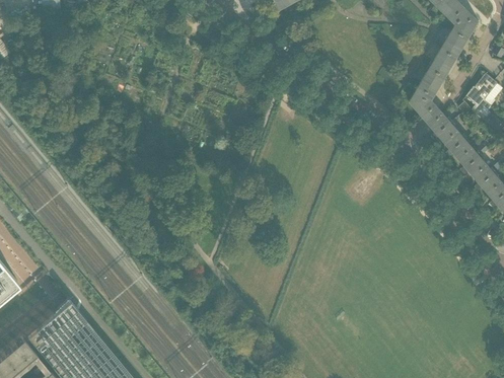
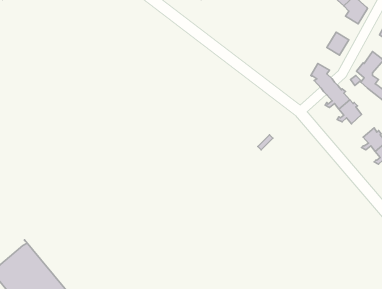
building: [440,31,466,60] -> none
building: [418,69,444,97] -> none
building: [456,149,486,176] -> none

